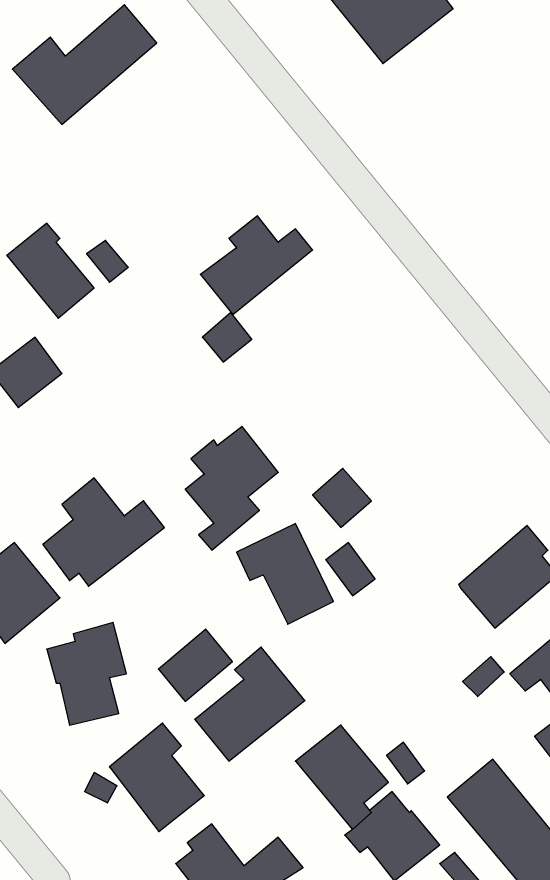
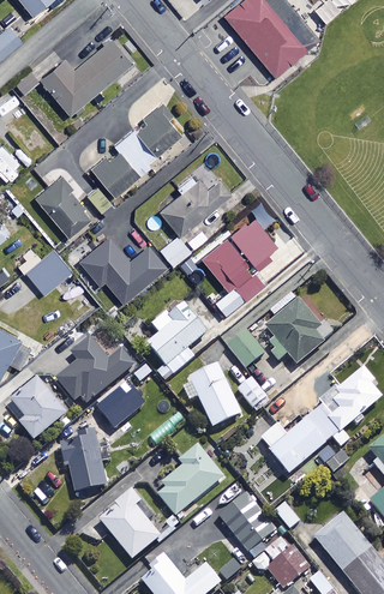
building: none -> [90,106,181,194]
building: none -> [200,215,276,313]
building: none -> [78,236,166,301]
building: none -> [265,300,332,367]
building: none -> [269,406,349,474]
building: [158,629,232,701] -> [97,383,144,428]

